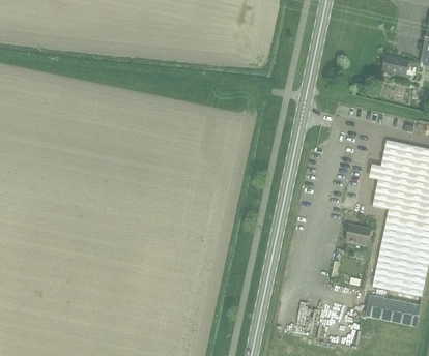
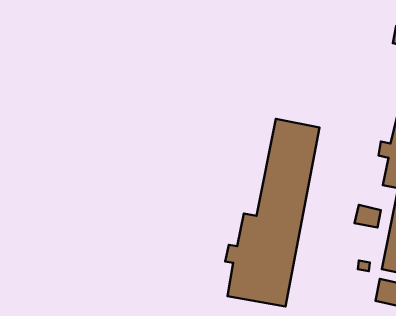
building: none -> [225,119,320,306]

